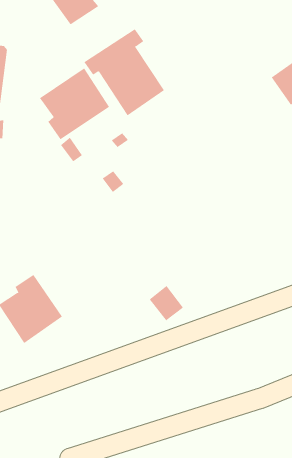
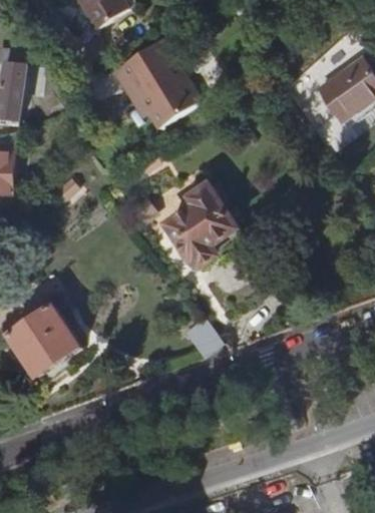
building: [39,67,110,140] -> none
building: none -> [166,171,242,259]

